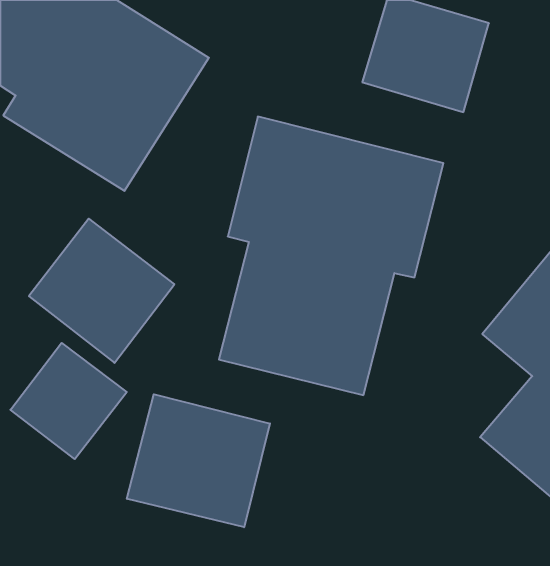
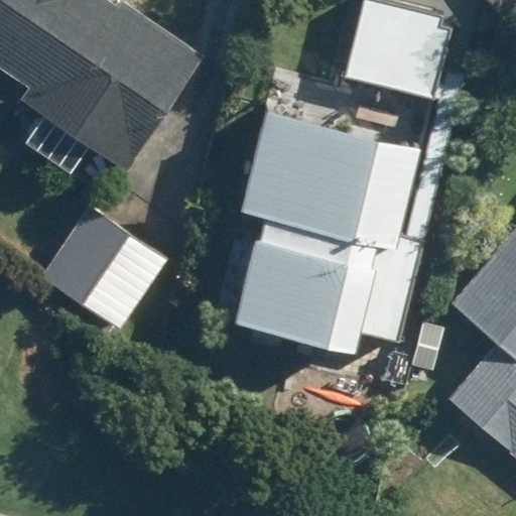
building: [10,343,127,459] -> none
building: [127,394,270,527] -> none

